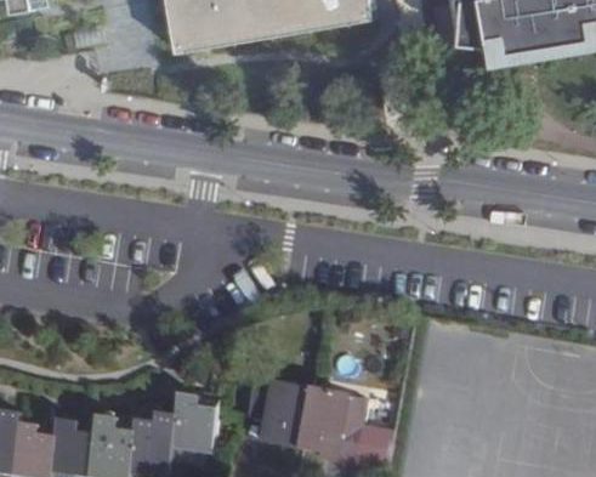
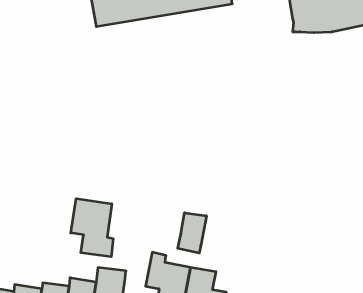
building: none -> [71,199,113,257]
building: none -> [178,213,206,253]

